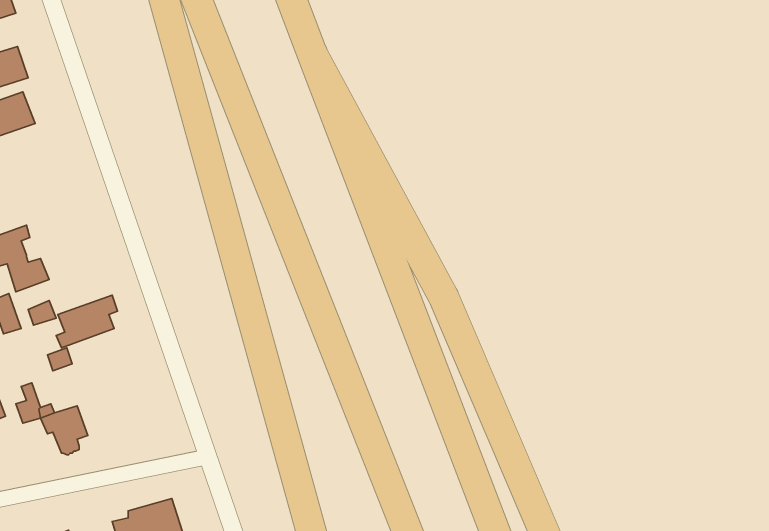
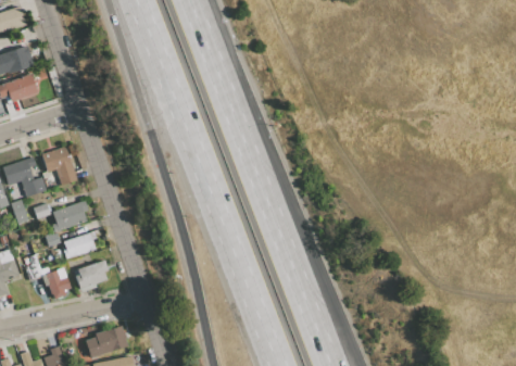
building: none -> [41,146,77,185]
building: none -> [63,231,98,258]
building: none -> [76,260,109,292]

